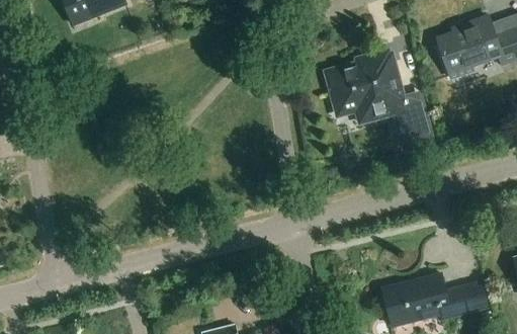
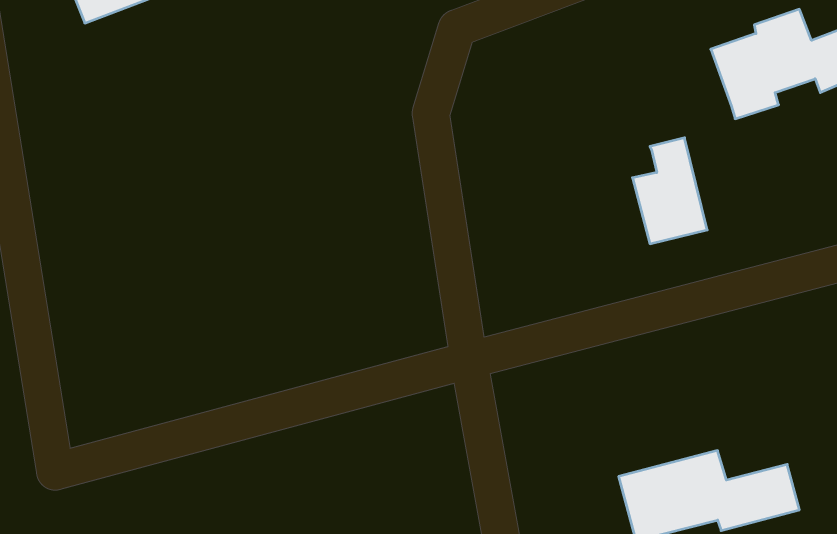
building: [326,53,402,122] -> none

